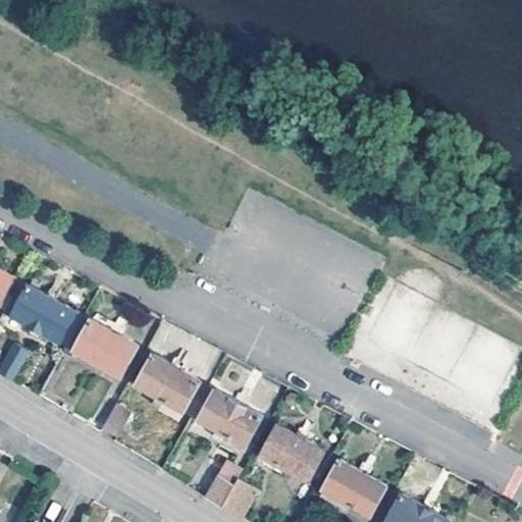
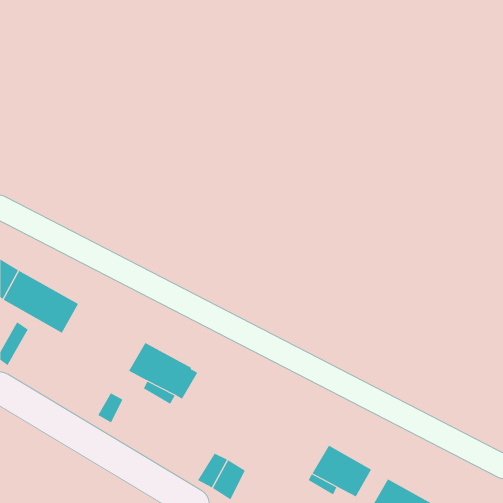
building: [60,315,138,377] -> none
building: [197,390,260,446] -> none
building: [258,424,321,480] -> none

